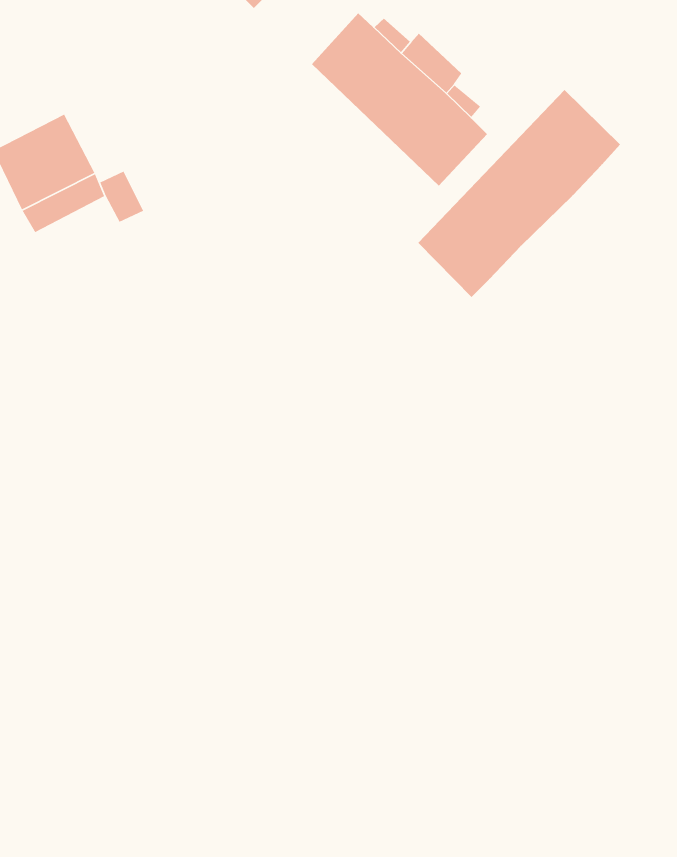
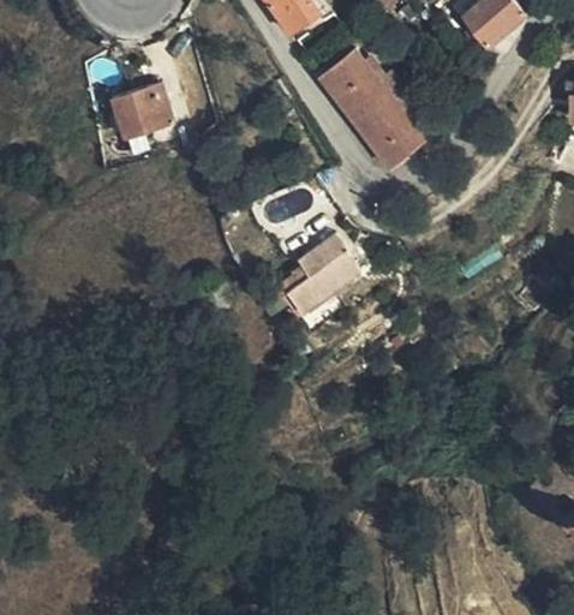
building: [418,89,621,298] -> none
building: none -> [288,233,359,311]

